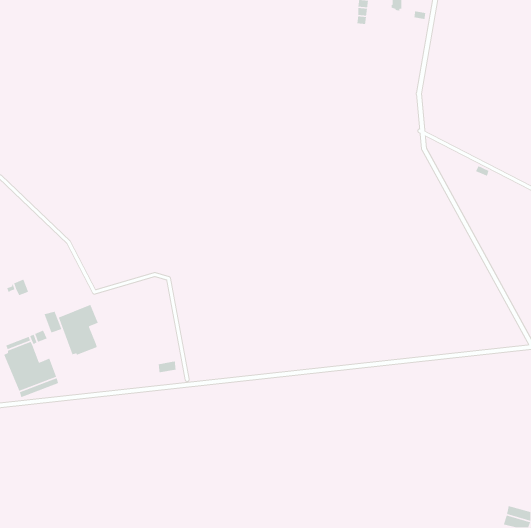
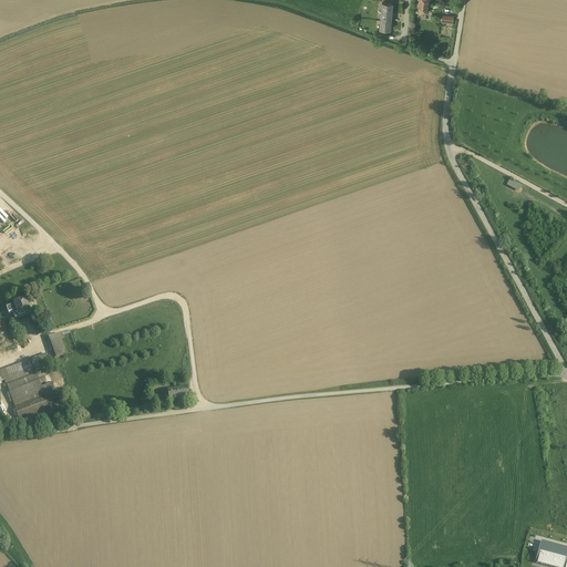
building: [58,304,99,356] -> none

